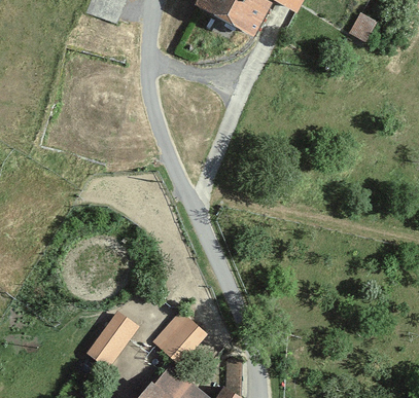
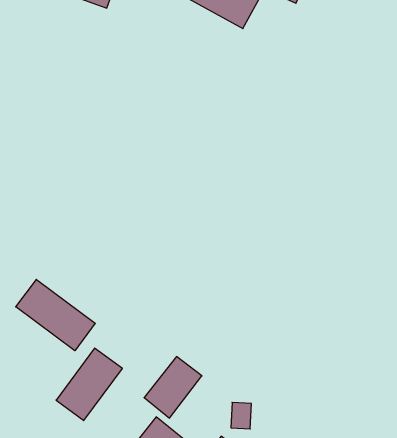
building: none -> [16,279,95,351]

